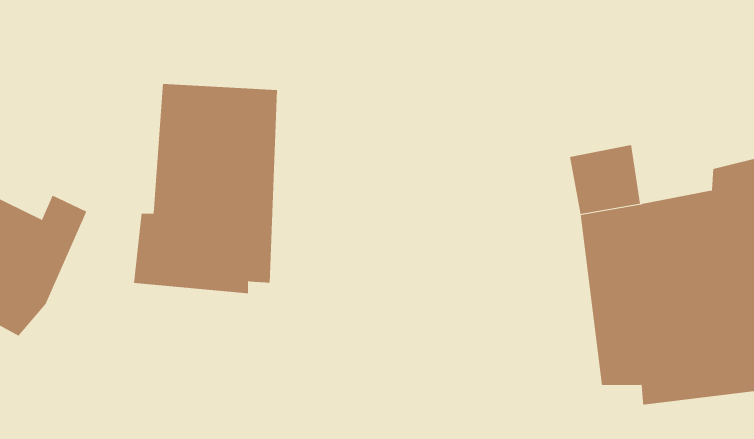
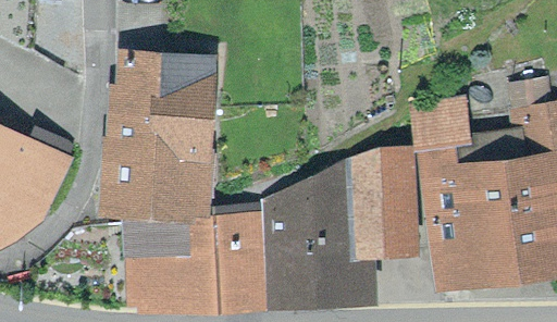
building: none -> [271,165,413,299]
building: none -> [125,226,257,309]

